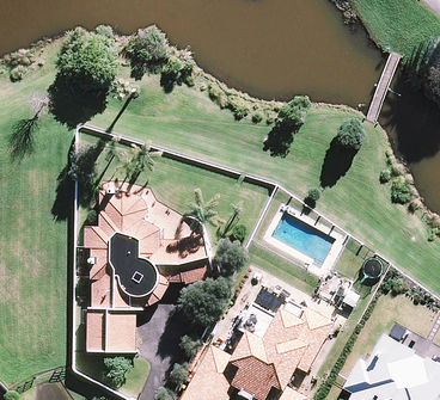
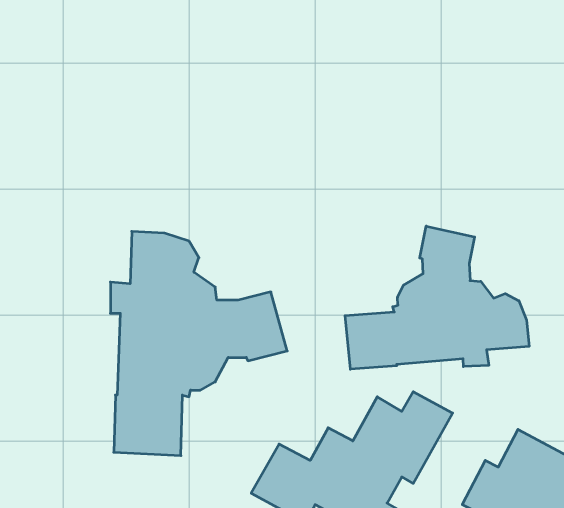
building: none -> [345,226,529,369]

